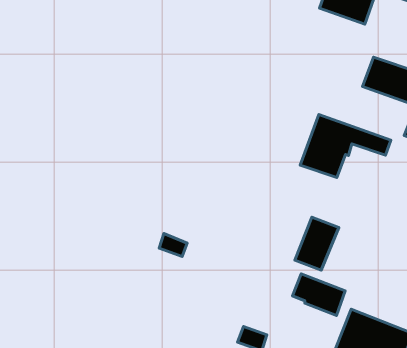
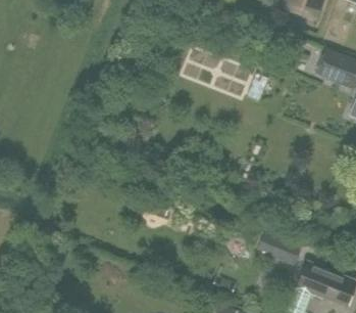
building: [300,114,391,177] -> none
building: [295,217,339,270] -> none

